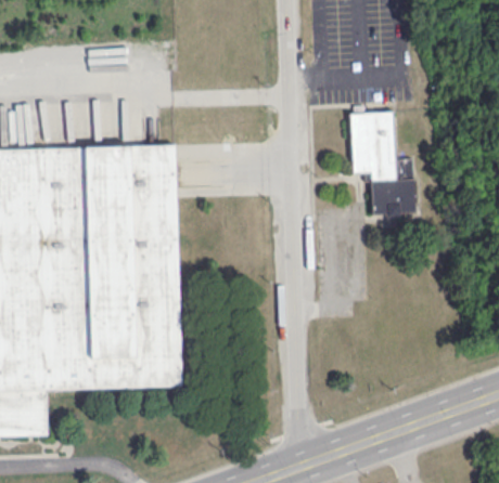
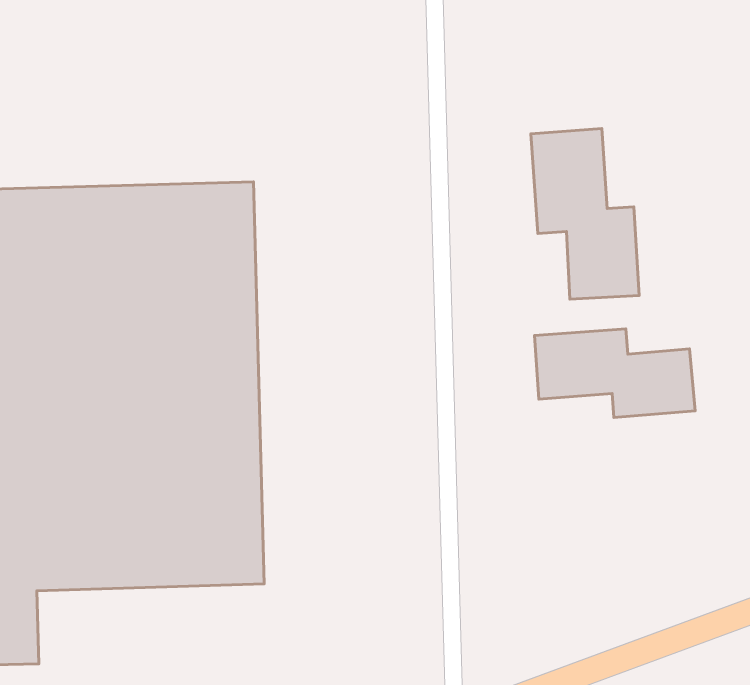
building: none -> [535,329,695,417]

